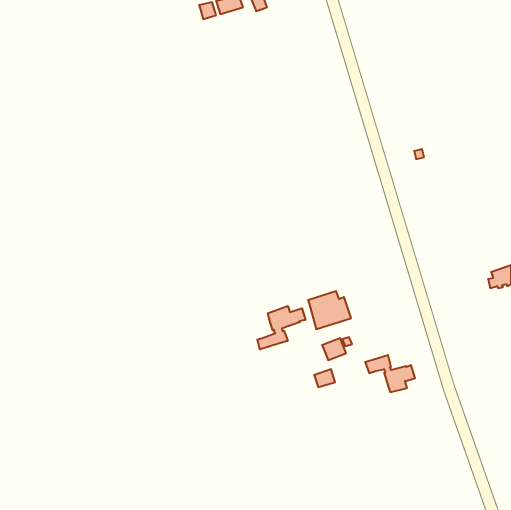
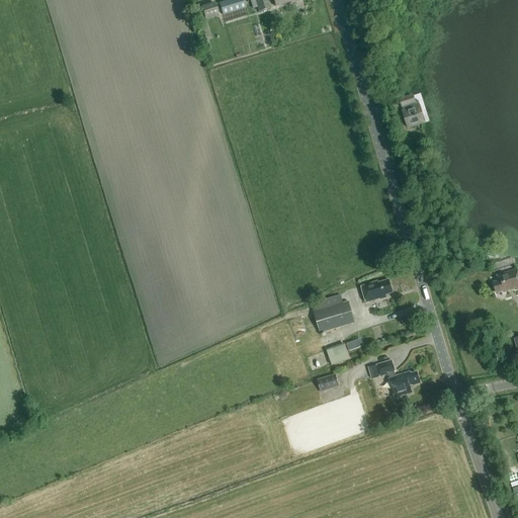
building: none -> [400,94,425,126]
building: none -> [361,279,393,301]
building: [257,306,305,350] -> none

